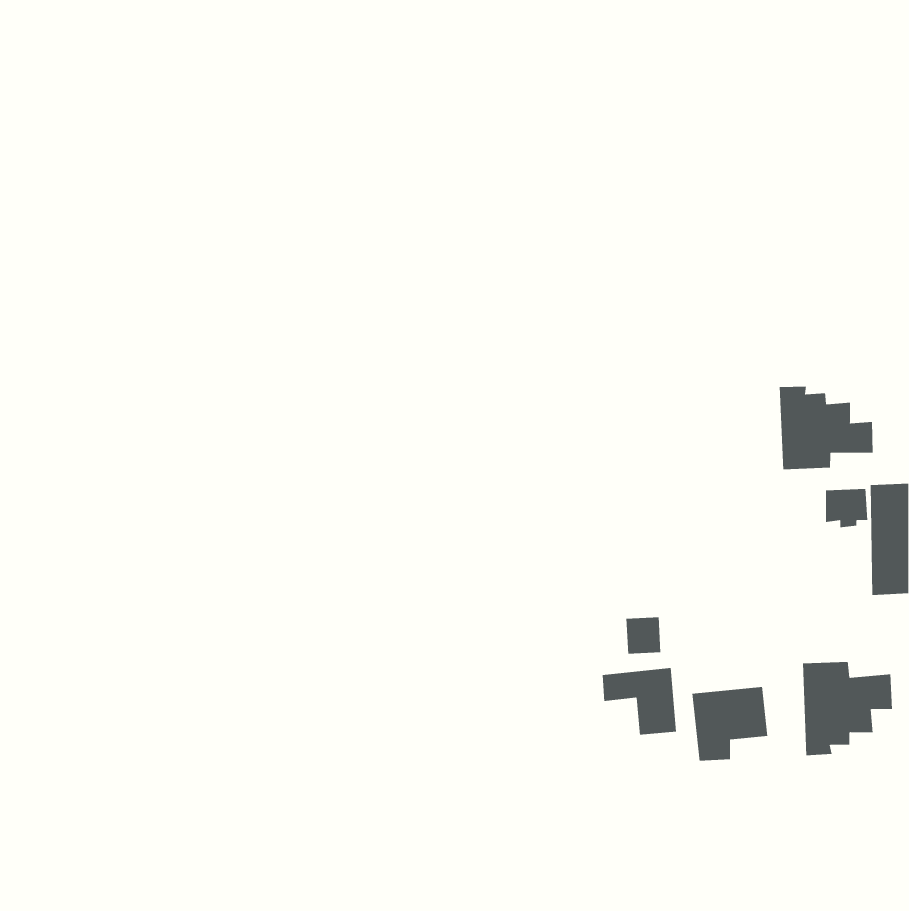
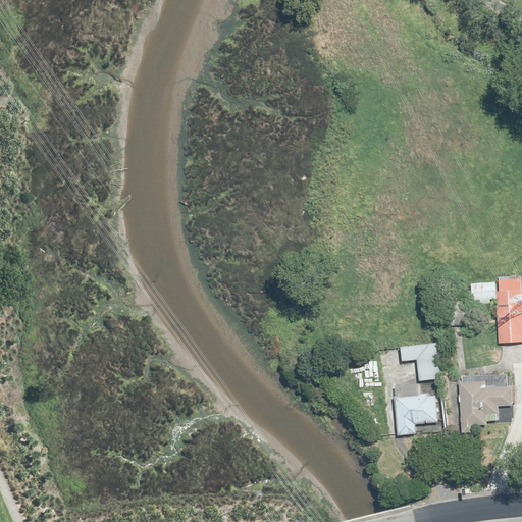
building: [779,386,873,470] -> none
building: [602,668,677,735] -> [399,342,441,380]

